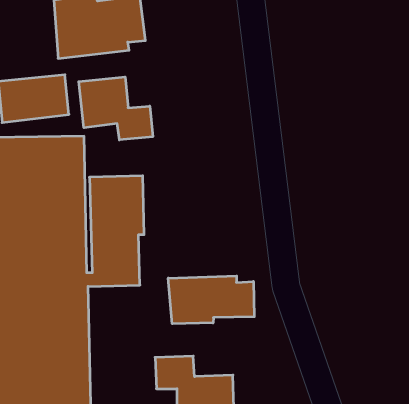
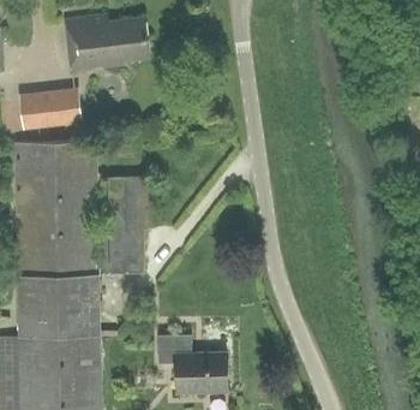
building: [79,77,153,140] -> none
building: [168,276,254,324] -> none

